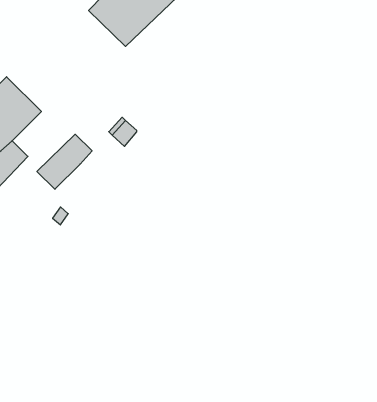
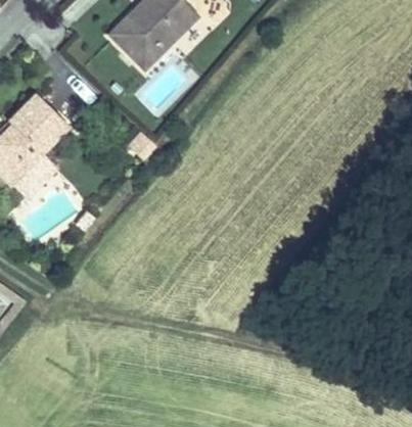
building: [37,134,92,189] -> none

